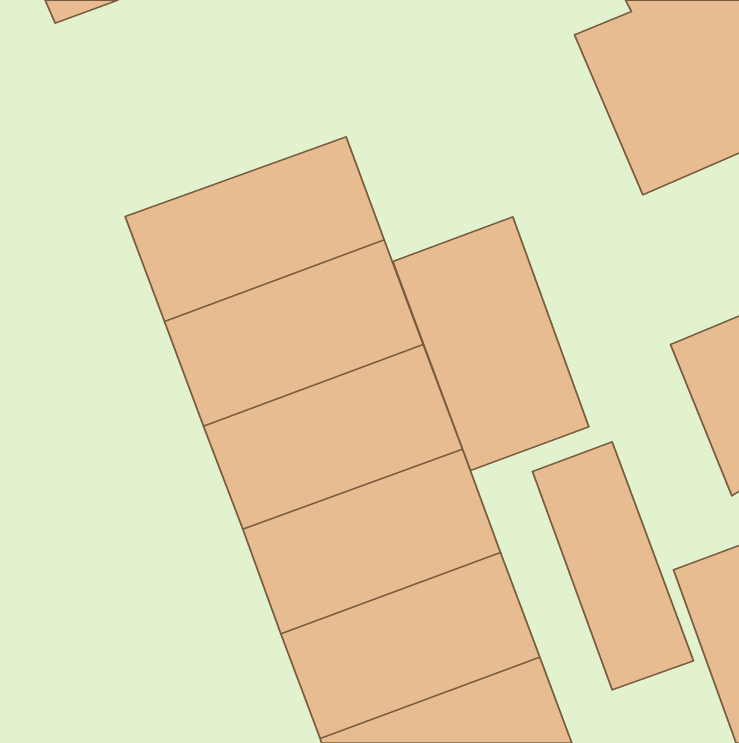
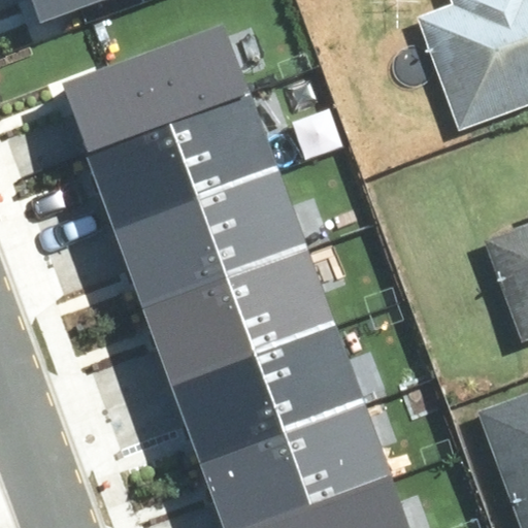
building: none -> [65,23,249,154]
building: [393,217,589,471] -> none
building: [533,442,693,690] -> none

